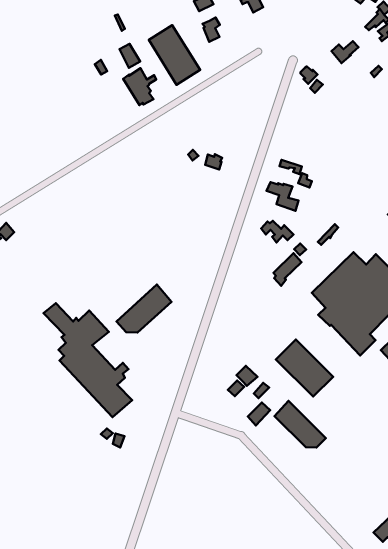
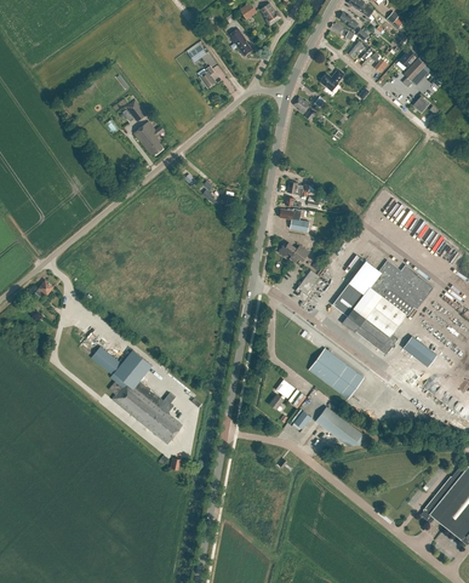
building: [149,25,200,85] -> none
building: [116,284,172,333] -> none

